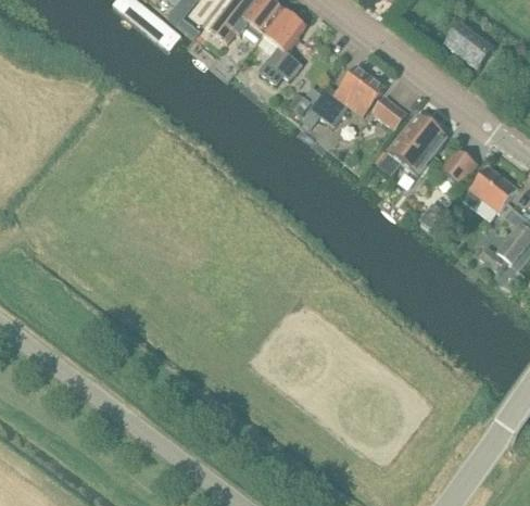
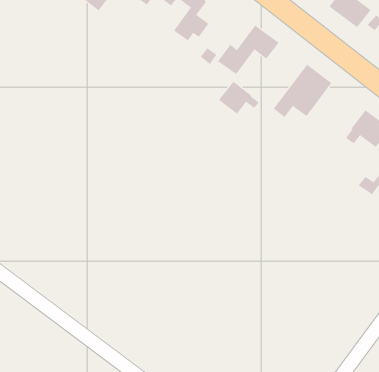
building: [373,94,407,129] -> none
building: none -> [218,81,260,115]
building: [440,148,477,185] -> none

